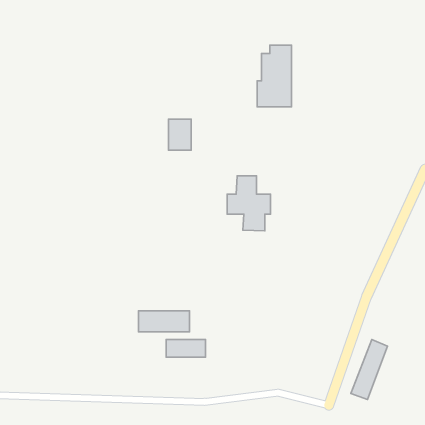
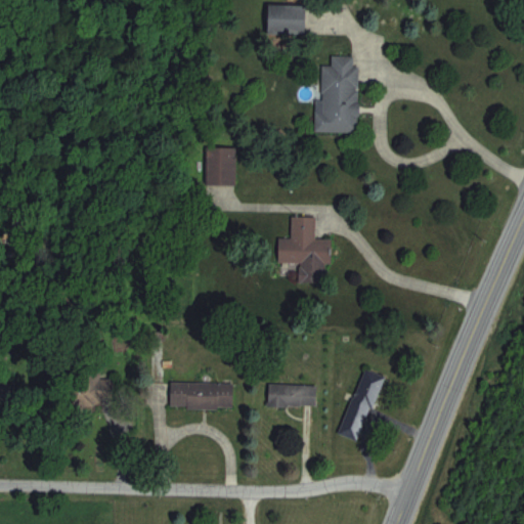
building: none -> [268,5,306,35]
building: [351,339,388,399] -> [338,368,383,442]
building: [166,340,205,357] -> [267,386,315,407]

